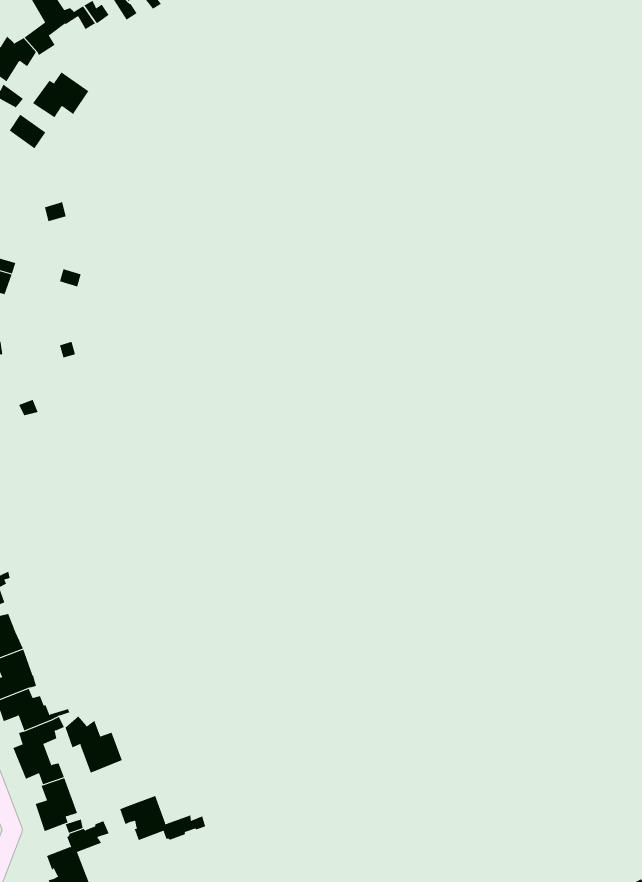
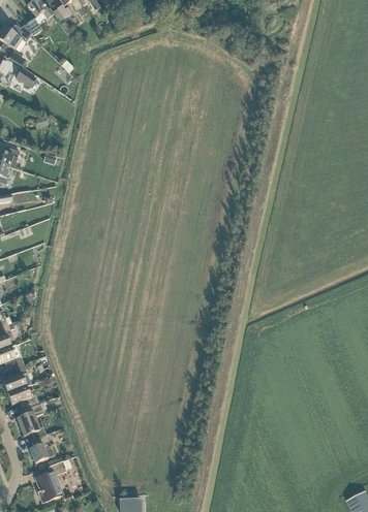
building: [32,71,89,118] -> none
building: [65,715,122,773] -> none
building: [120,795,206,841] -> none

